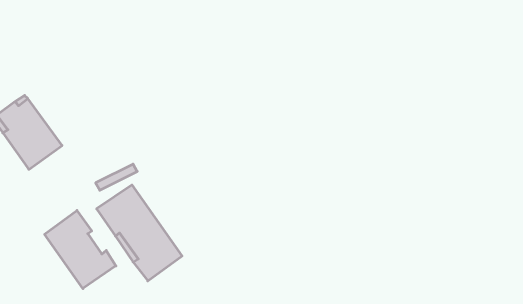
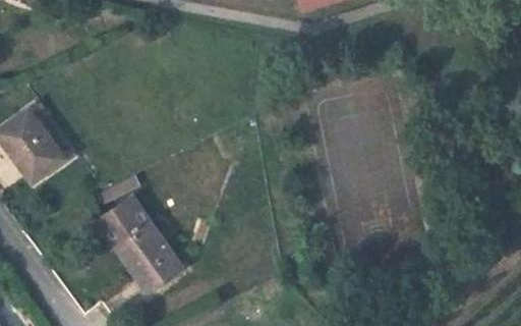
building: [45,210,116,289] -> none

